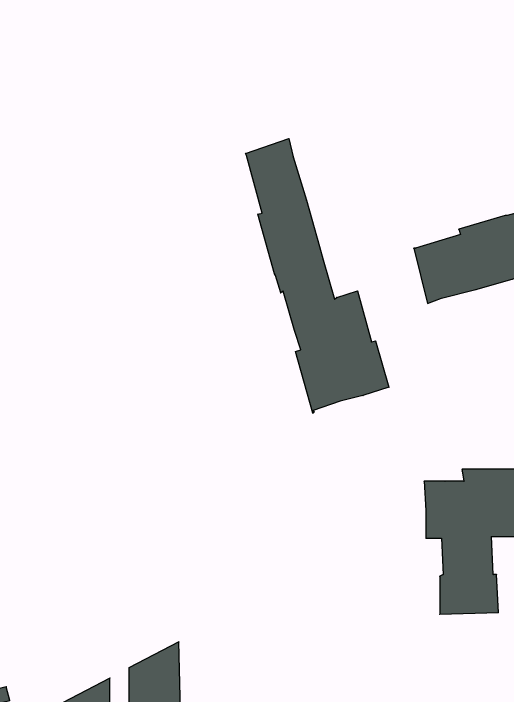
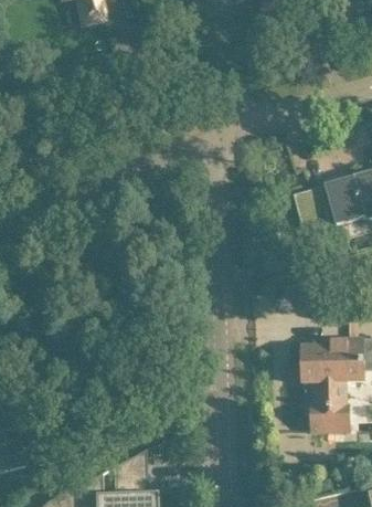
building: [246,139,389,413] -> none

